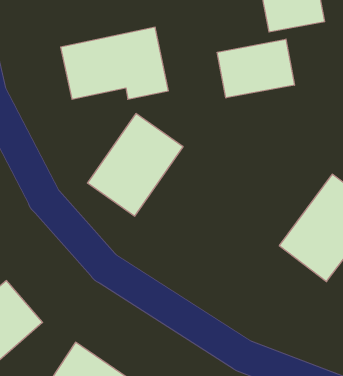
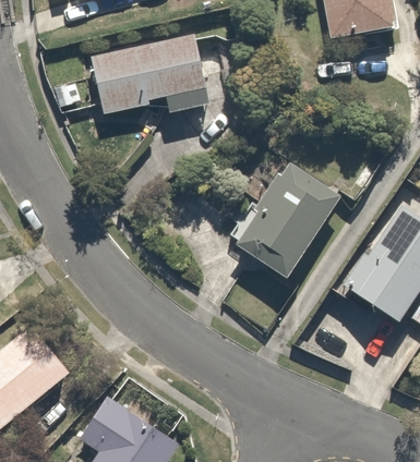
building: [217,39,294,98] -> none
building: [87,114,183,216] -> [230,160,340,278]

